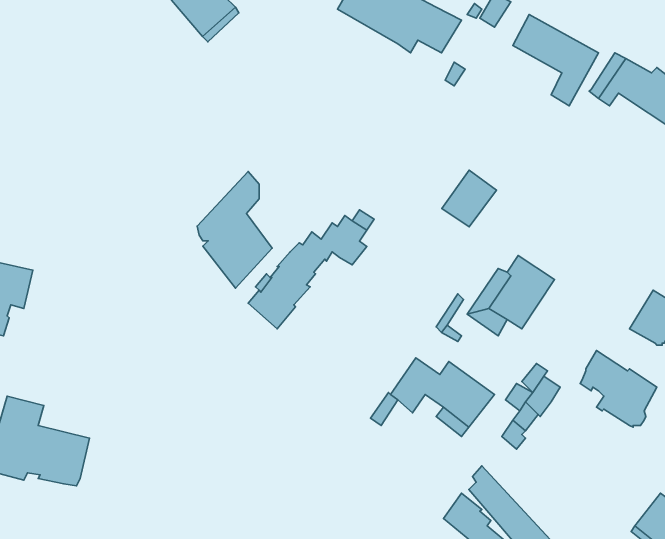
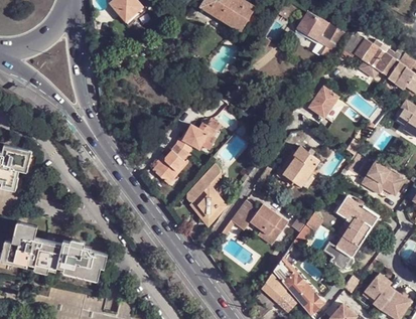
building: [442,170,497,227] -> [308,85,338,116]
building: [197,171,272,288] -> [185,161,227,225]
building: none -> [321,228,362,271]
building: none -> [58,238,108,280]

